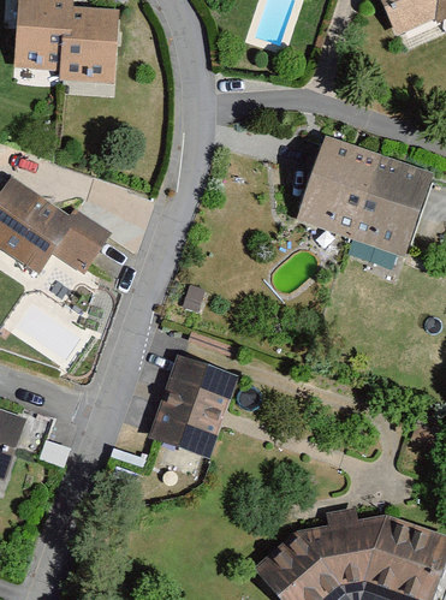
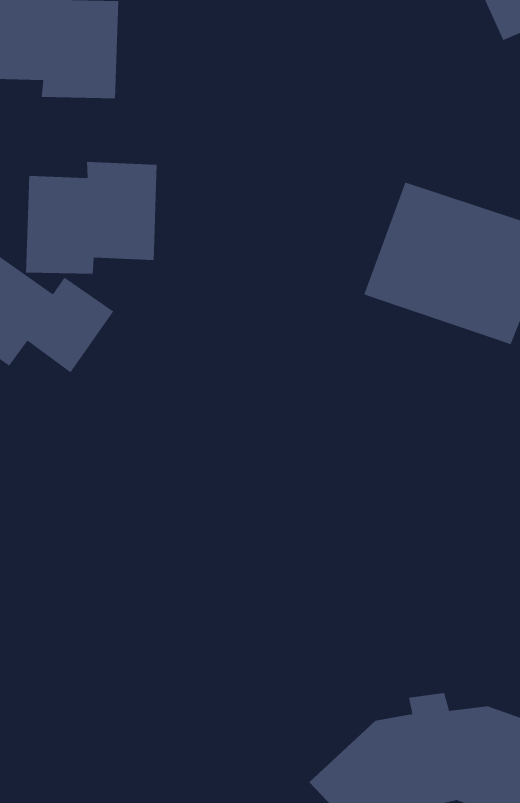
building: none -> [26,161,157,275]
building: [147,356,237,458] -> none

